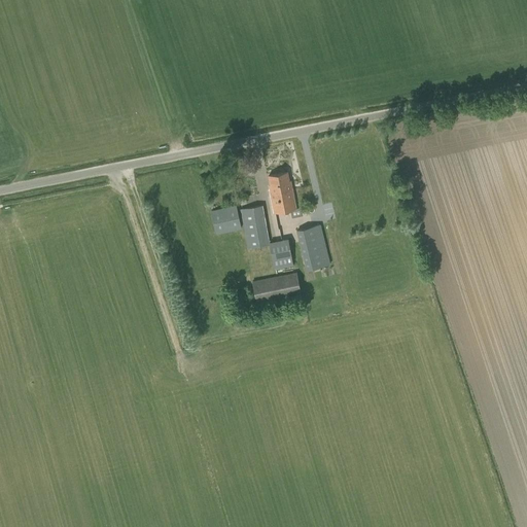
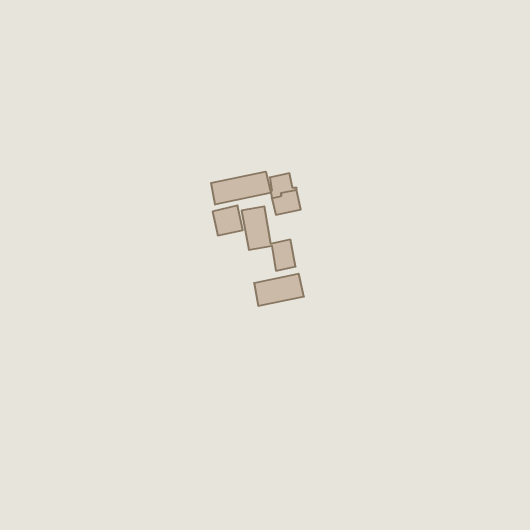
building: none -> [211,172,271,205]
building: [296,223,330,270] -> none

